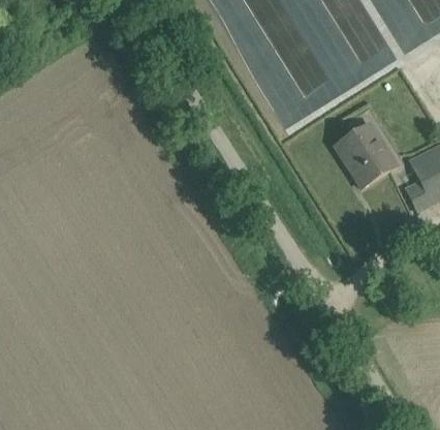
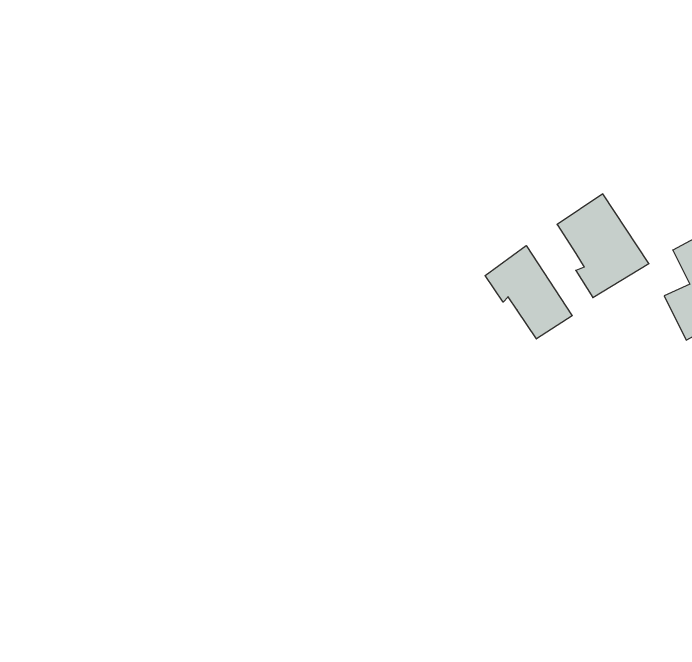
building: none -> [485,246,572,339]

